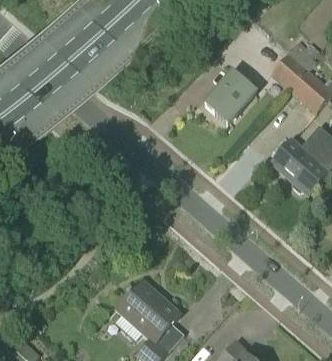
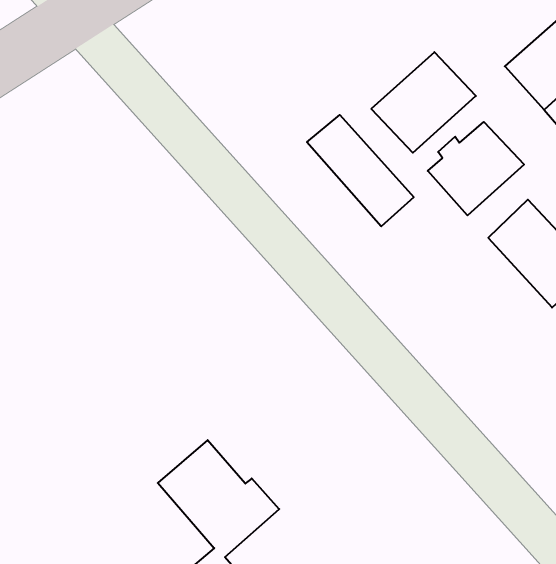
building: none -> [428,122,524,215]
building: none -> [307,115,414,226]

